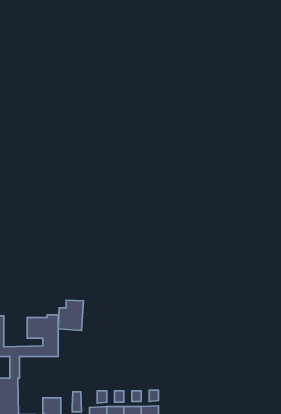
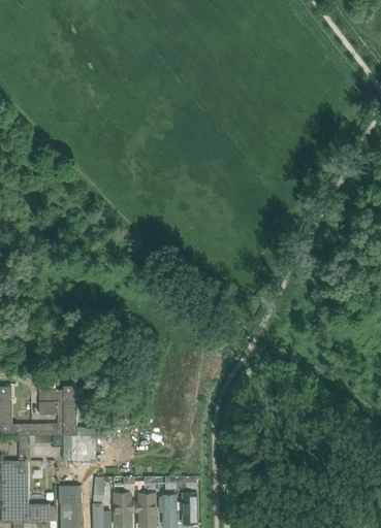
building: [58,300,83,330] -> [67,426,97,462]

